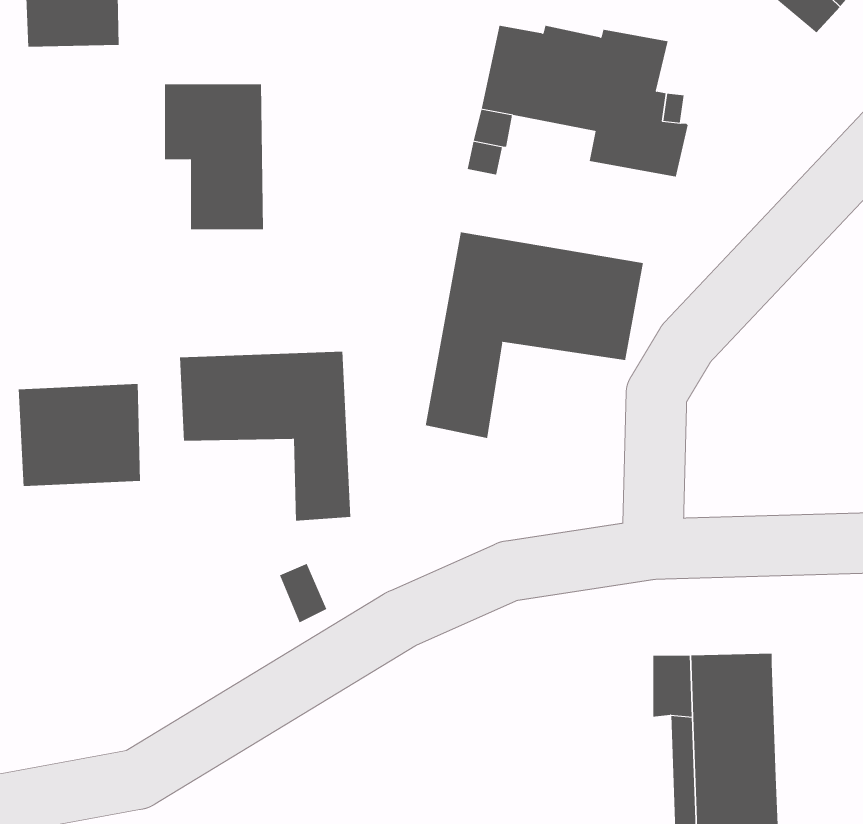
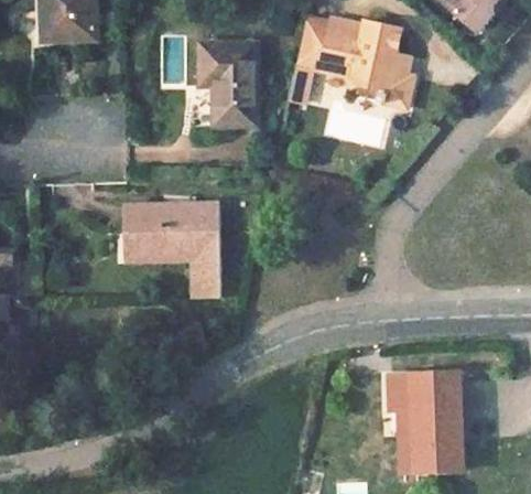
building: [164,84,264,230] -> [199,43,254,124]
building: [425,231,644,439] -> none
building: [18,383,140,487] -> none

